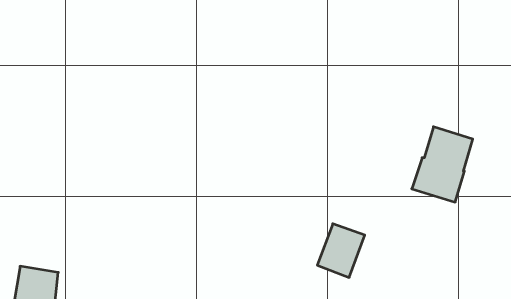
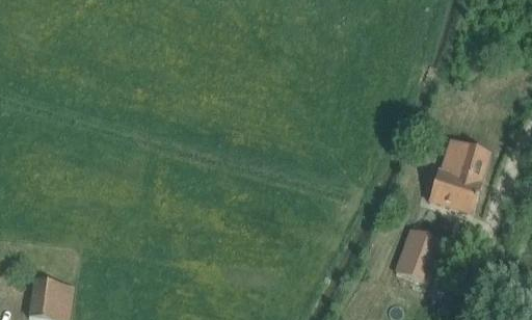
building: [317,224,365,277] -> [396,228,444,282]

